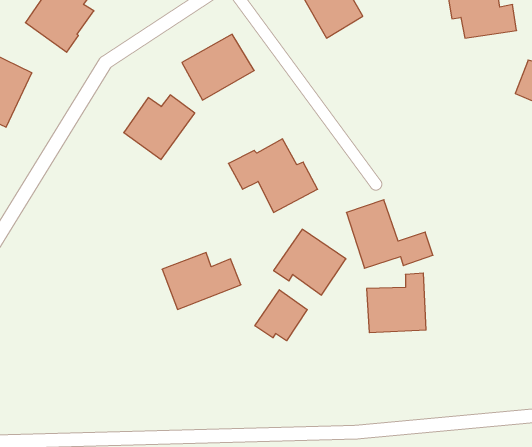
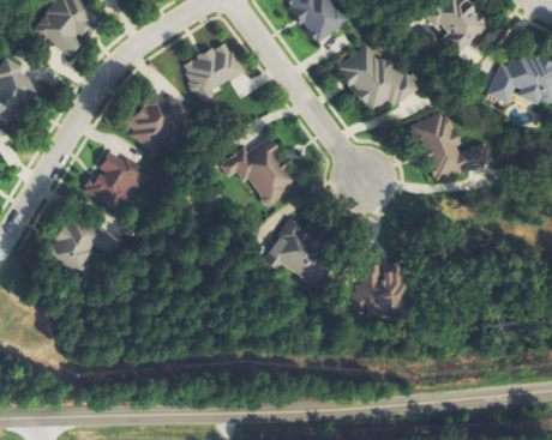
building: none -> [334,44,418,110]
building: none -> [85,150,148,211]
building: [346,200,433,268] -> [410,110,491,174]
building: [162,253,241,309] -> [49,217,122,270]
building: [255,290,307,341] -> none

